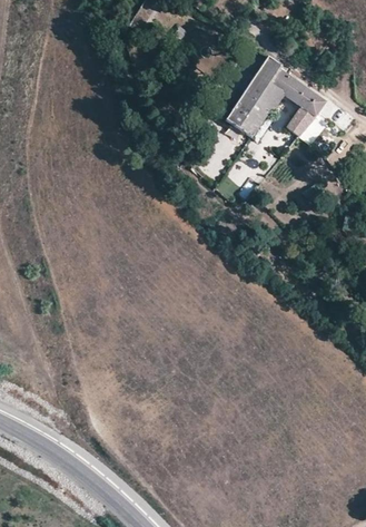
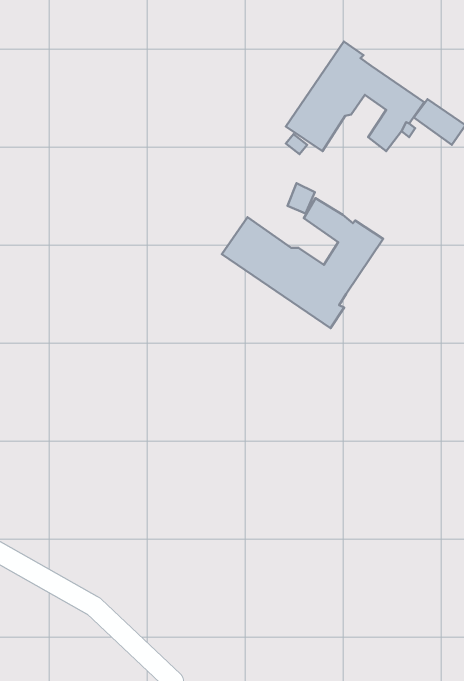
building: none -> [222,198,383,328]

